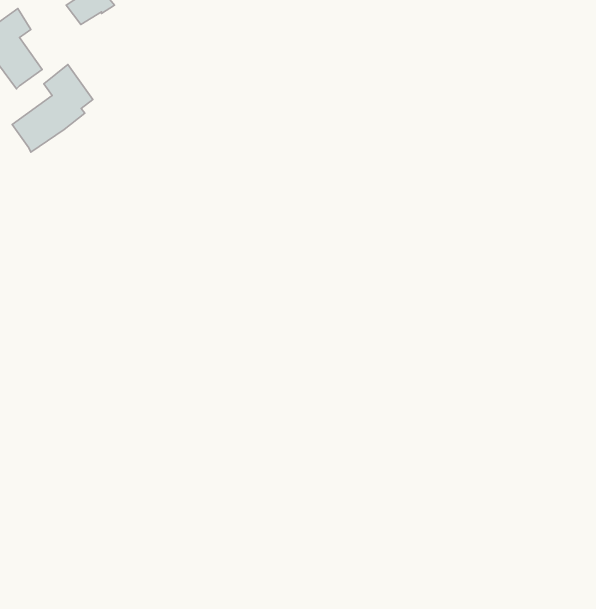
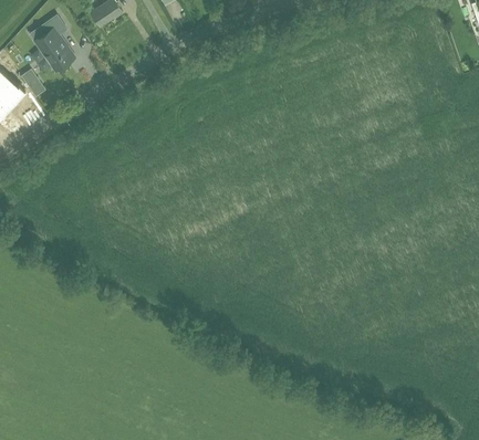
building: [12,65,93,152] -> none

